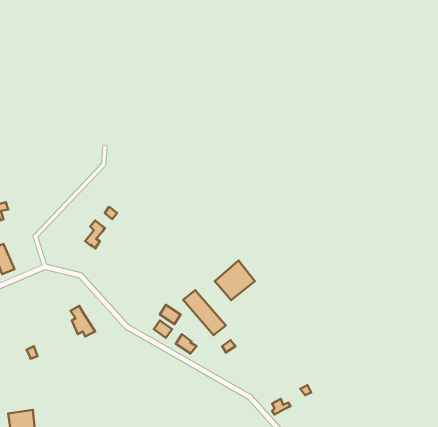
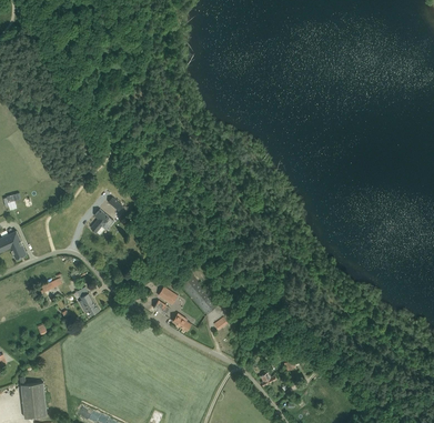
building: [215,261,255,300] -> none

